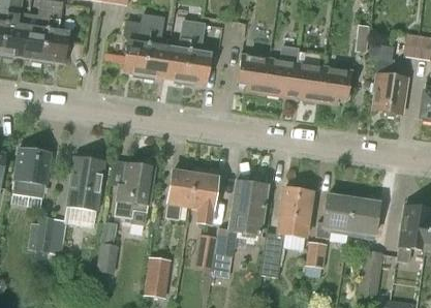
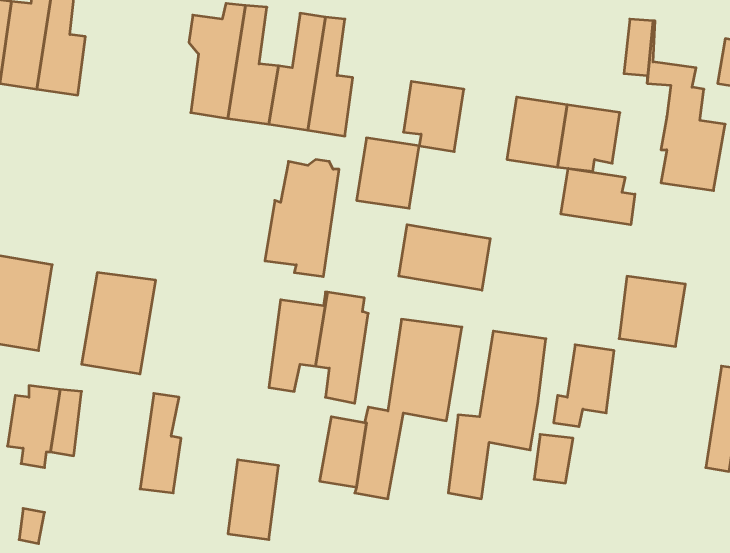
building: [264,59,297,96] -> [357,138,419,208]
building: none -> [561,168,635,225]
building: none -> [399,225,490,290]
building: [115,162,154,224] -> [265,160,339,277]
building: [344,197,379,235] -> [619,276,685,346]
building: [359,248,383,295] -> none

